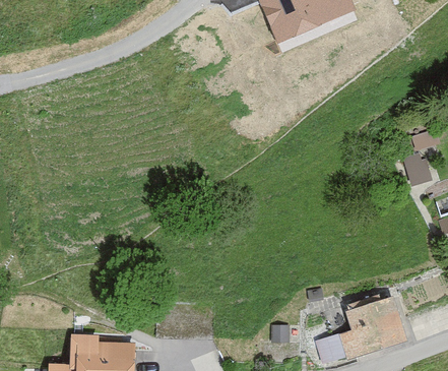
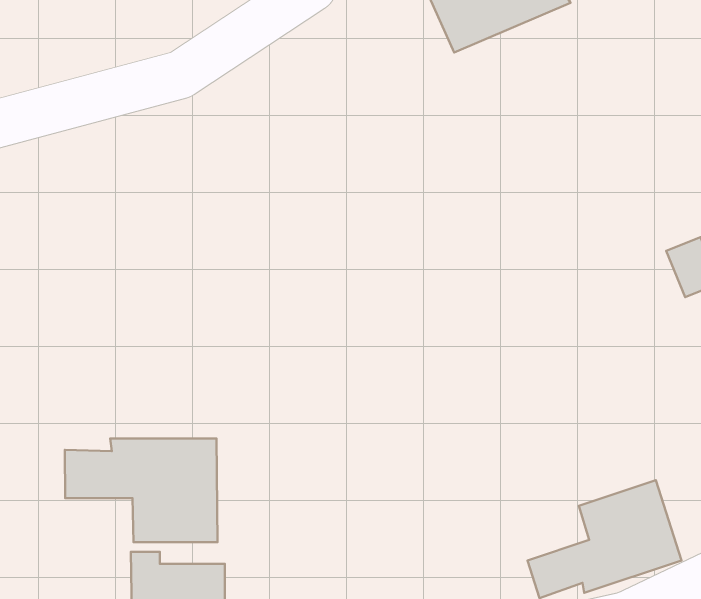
building: none -> [65,439,218,542]

